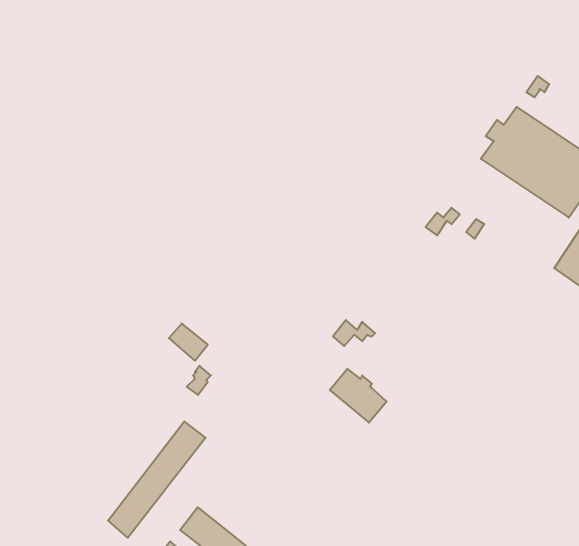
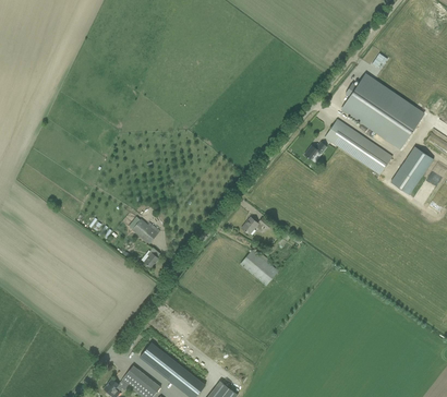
building: none -> [325,118,392,173]
building: [108,421,206,538] -> none

